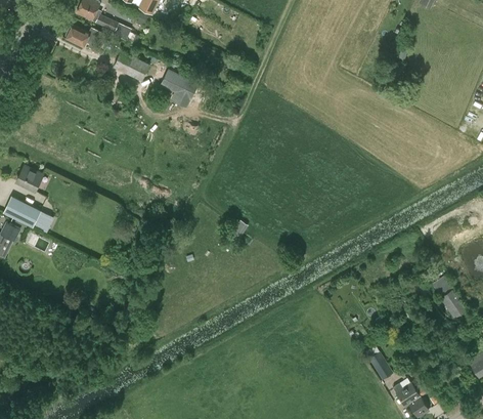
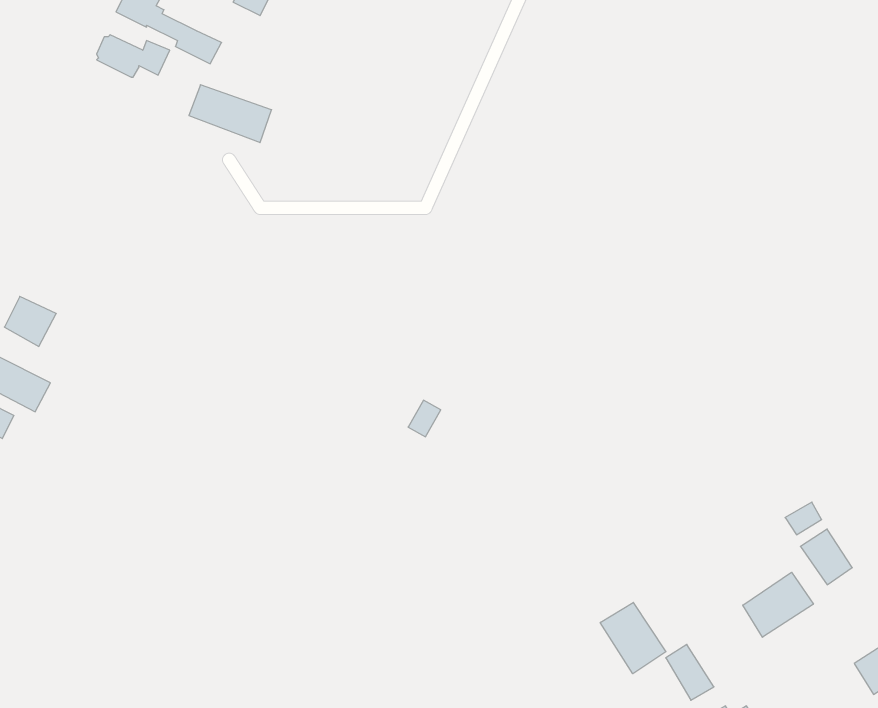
building: [169,76,196,108] -> none
building: none -> [743,572,813,637]
building: none -> [600,602,666,674]

